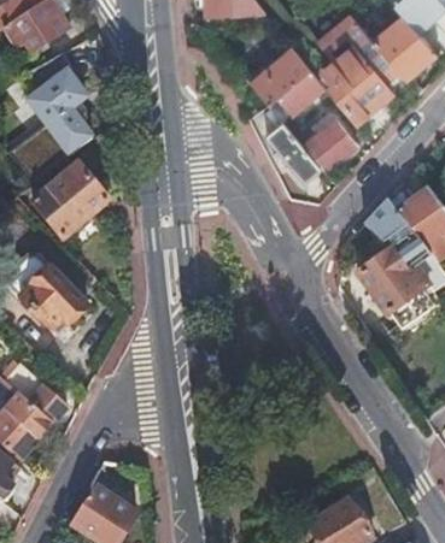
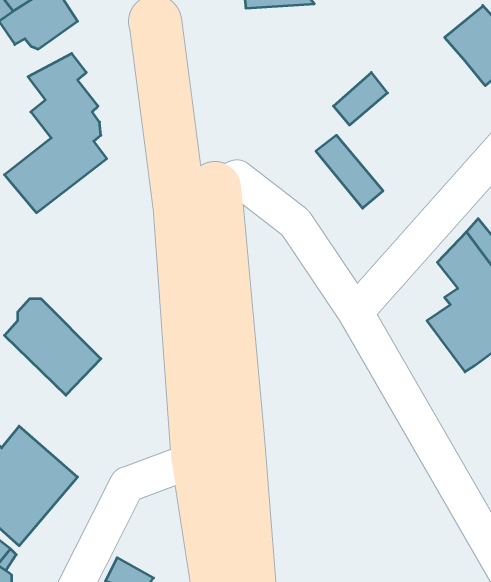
building: [318,16,404,124] -> none
building: [247,49,311,105] -> none
building: [306,119,357,170] -> none
building: [33,164,110,238] -> none

